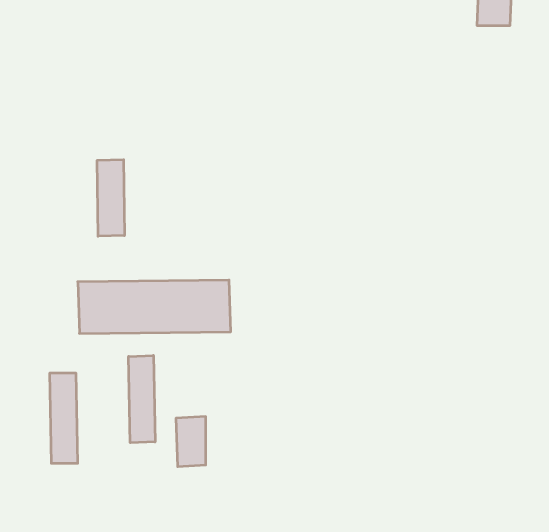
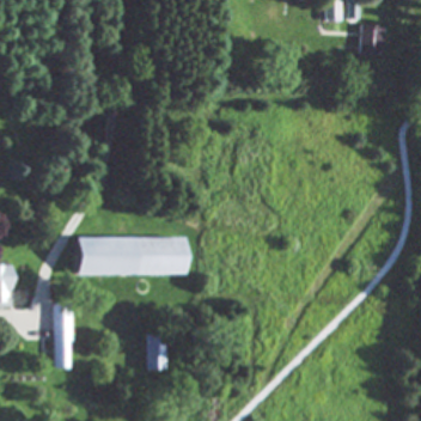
building: [97,160,124,236] -> none
building: [129,355,155,443] -> none

